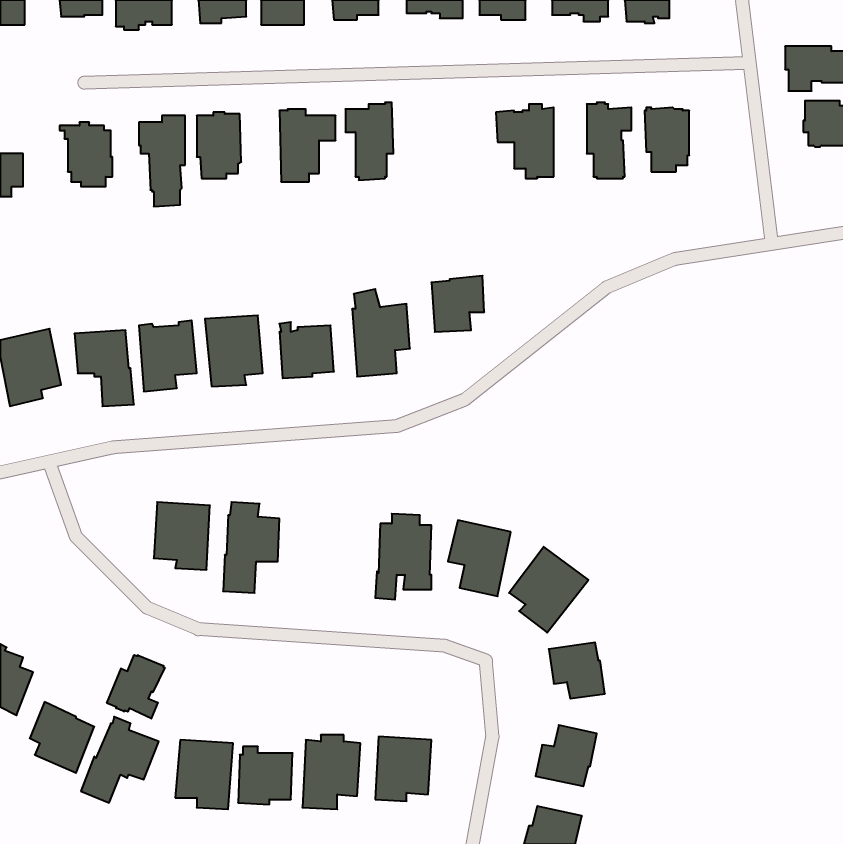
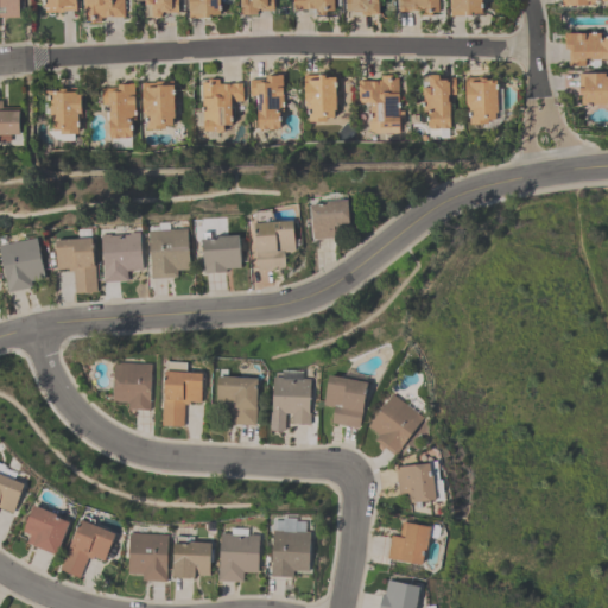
building: none -> [304,74,336,121]
building: none -> [216,376,258,425]
building: [107,655,165,719] -> none

